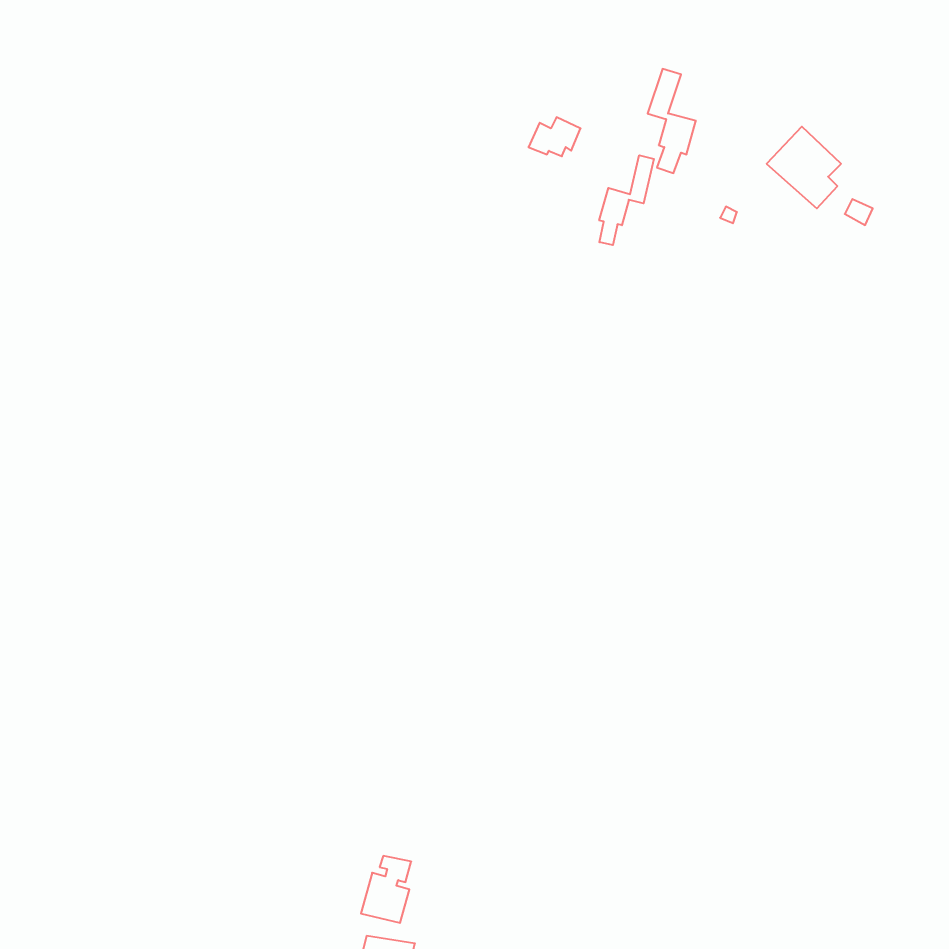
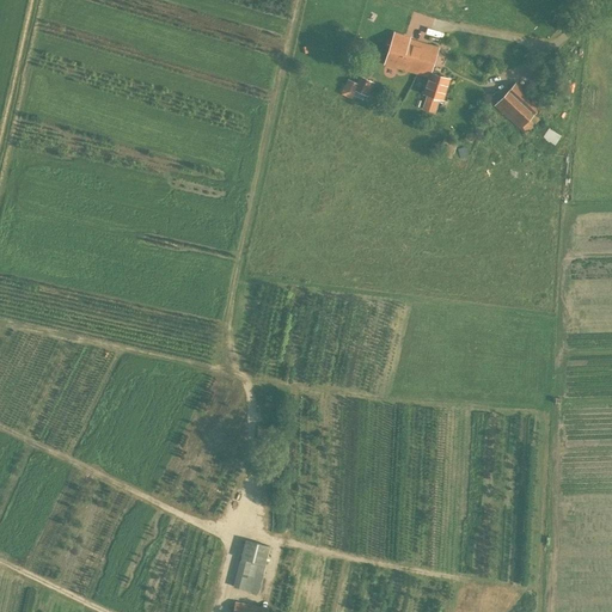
building: none -> [384,33,426,74]
building: [599,155,654,245] -> none

